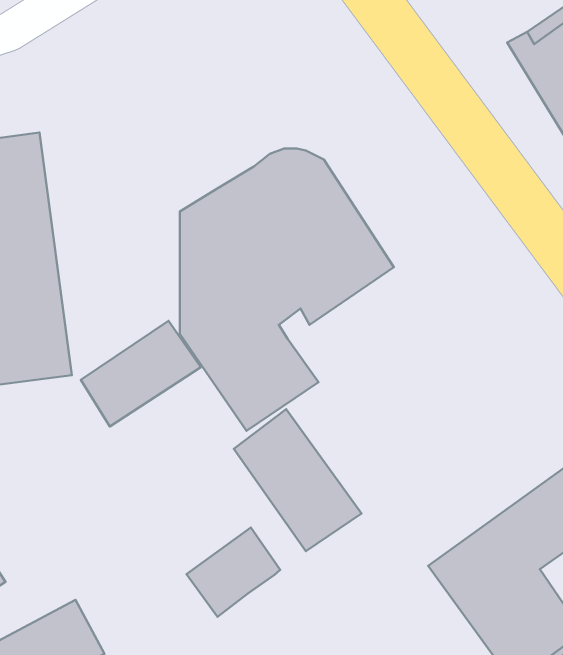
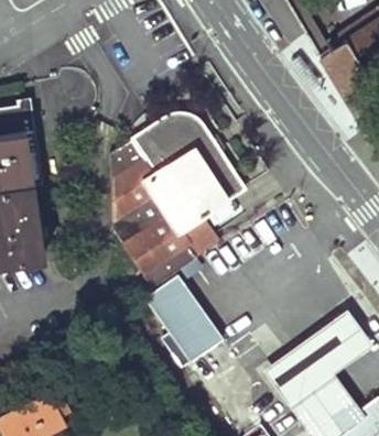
building: none -> [173,212,221,258]
building: [81,321,201,426] -> none
building: [187,528,280,617] -> none

